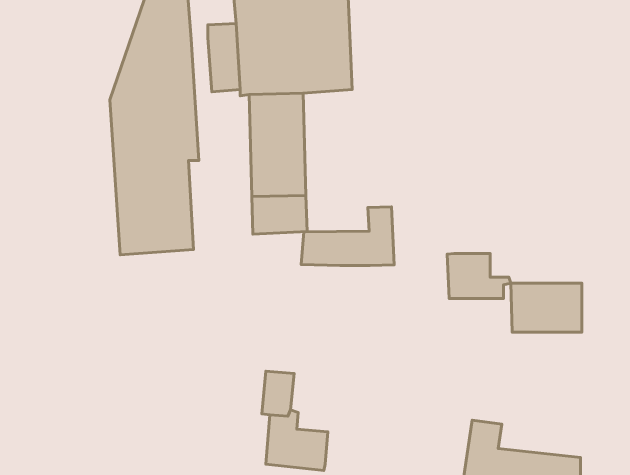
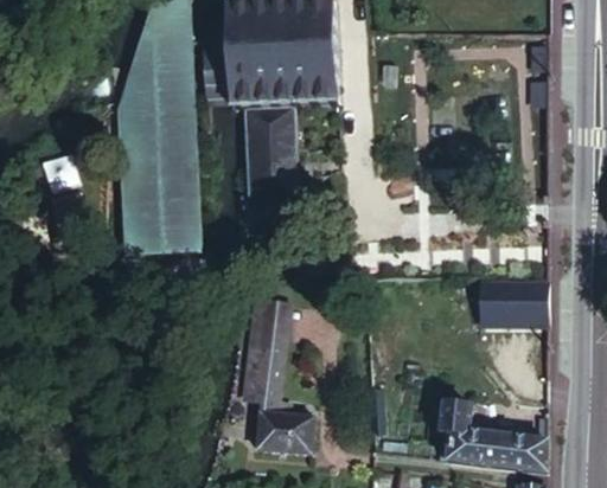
building: [301,207,394,266] -> none
building: [447,254,511,299] -> none
building: none -> [260,313,292,364]

